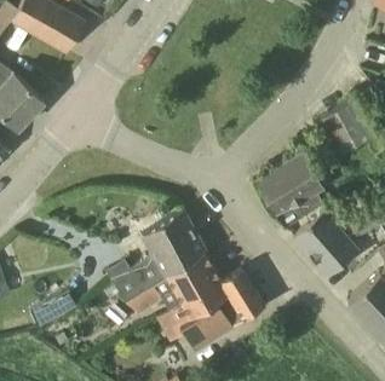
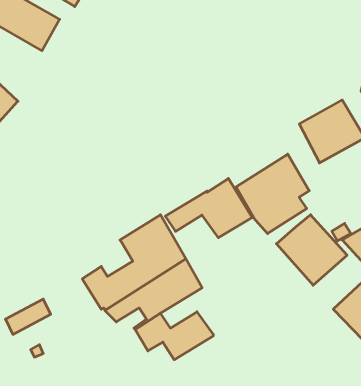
building: [182,267,265,324] -> [165,178,252,238]

